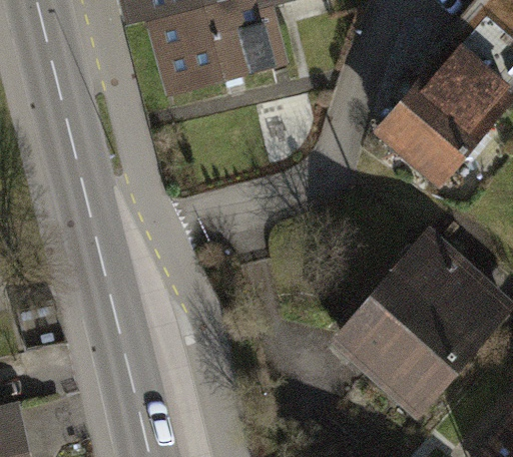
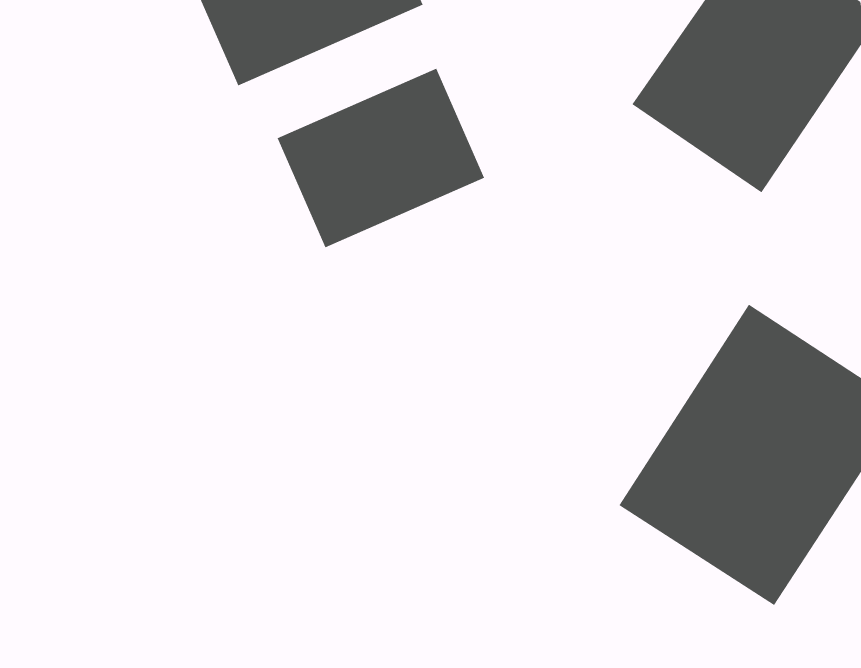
building: none -> [277,68,485,248]

